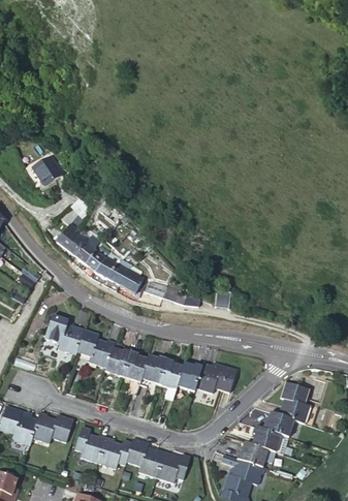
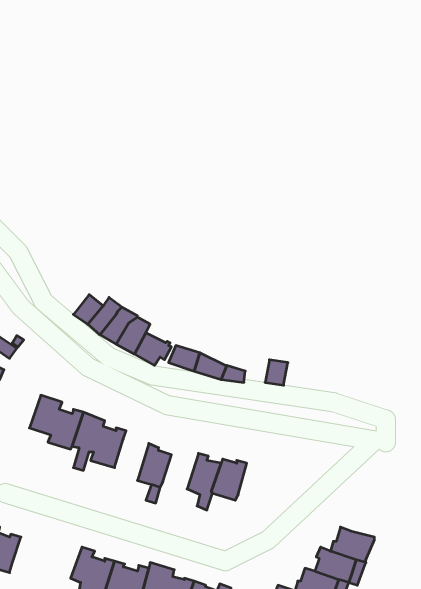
building: [33,155,64,186] -> none
building: [57,223,91,256] -> none
building: [105,347,131,377] -> none
building: [141,354,167,383] -> none
building: [196,361,238,394] -> none
building: [279,381,311,424] -> none
building: [32,411,73,443] -> none

